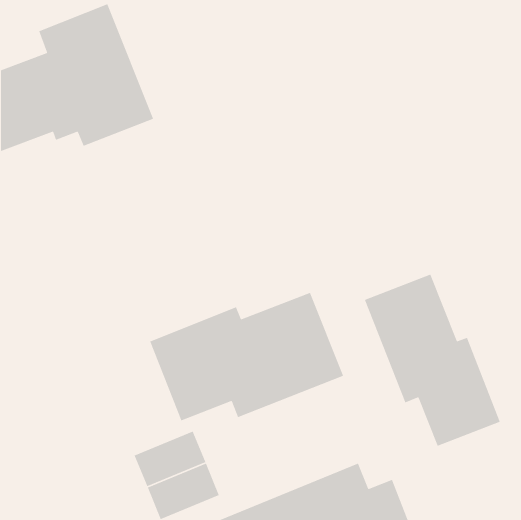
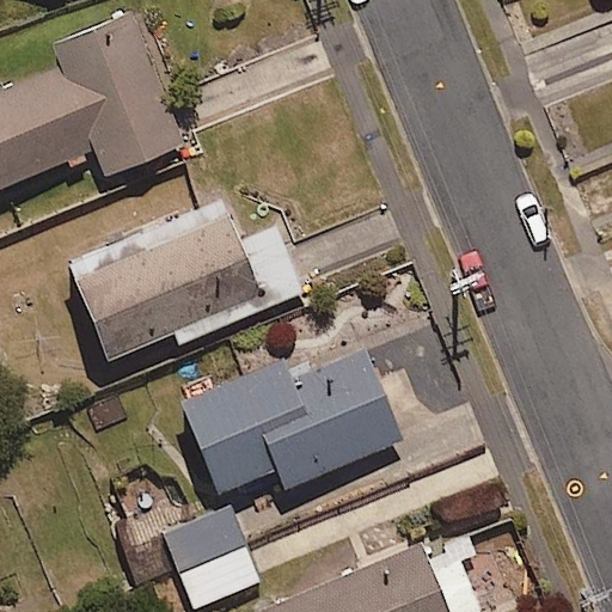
building: none -> [66,202,305,360]
building: [364,274,501,447] -> none

